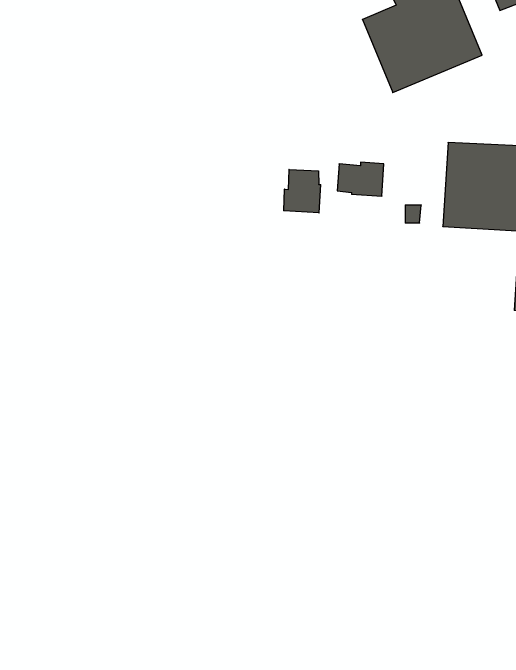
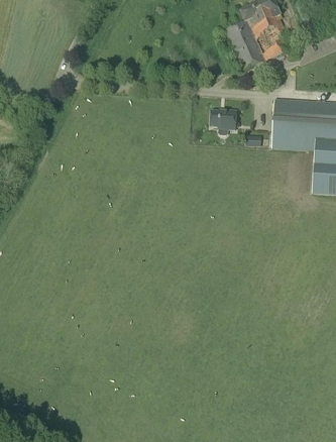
building: [284,169,321,213] -> none

